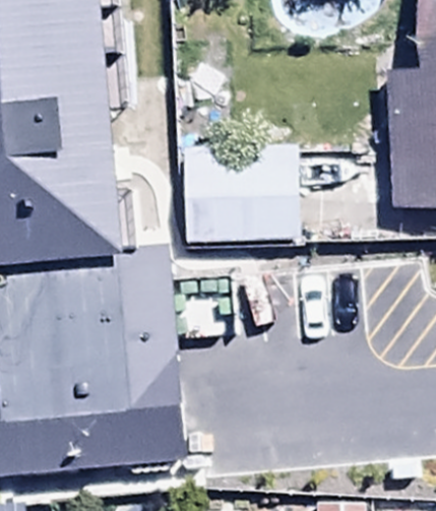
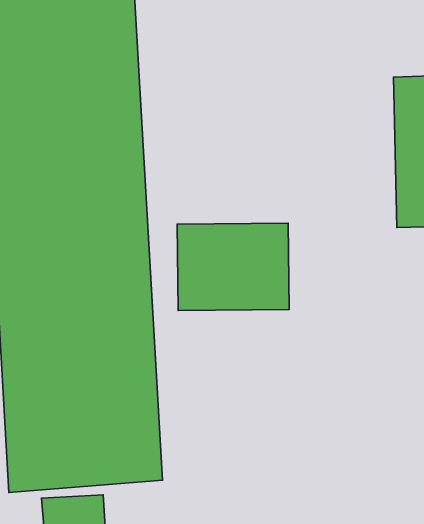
building: [181,130,295,216] -> none

